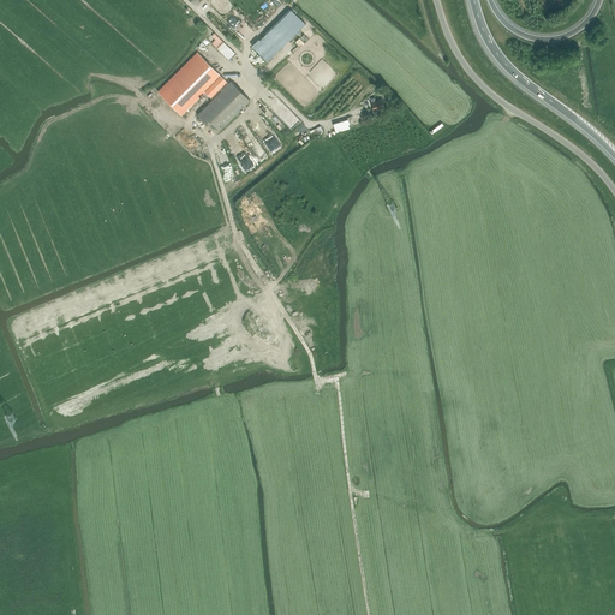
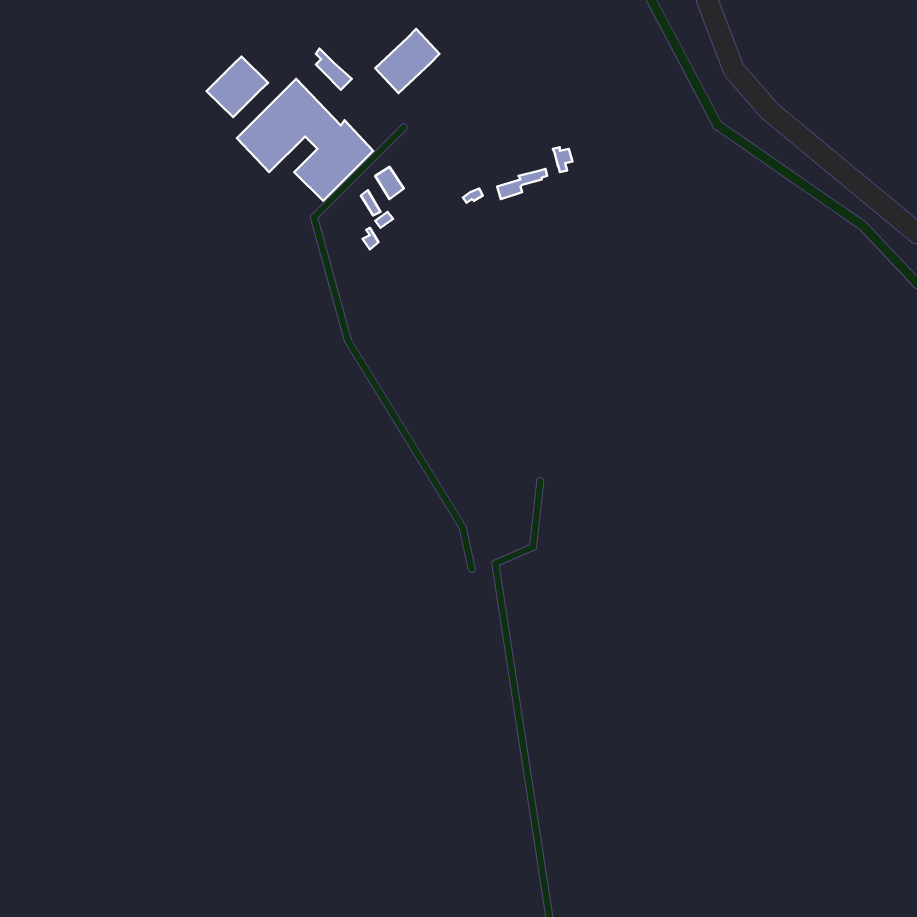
building: none -> [207,57,268,117]

